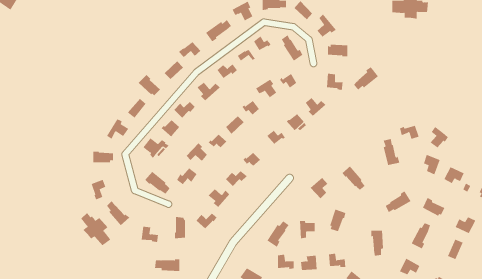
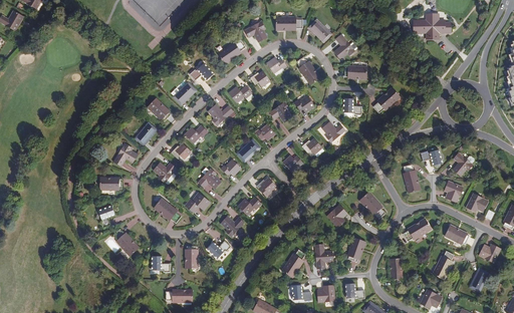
building: [81,212,111,246] -> none

